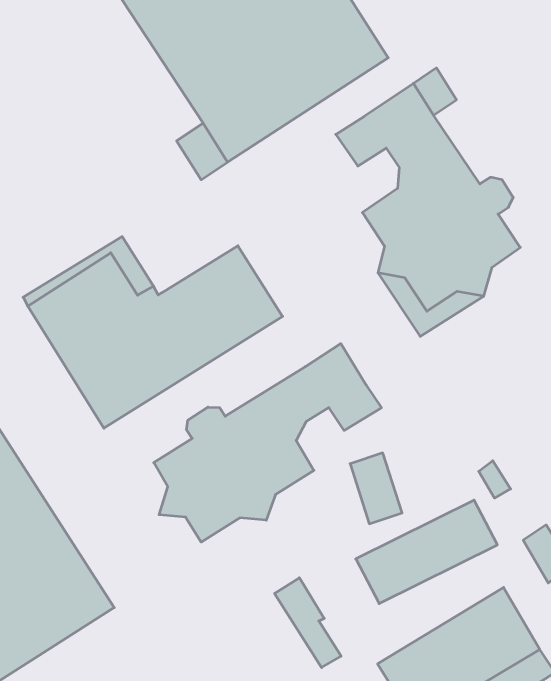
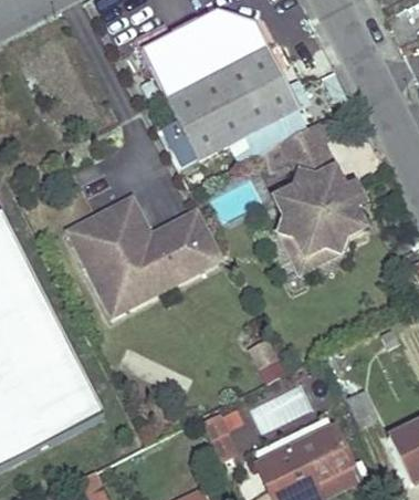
building: [154,344,381,542] -> none

